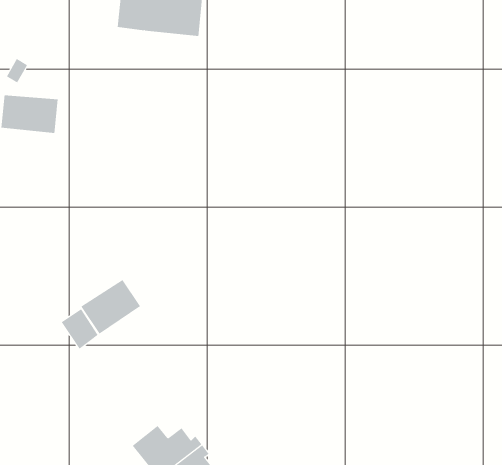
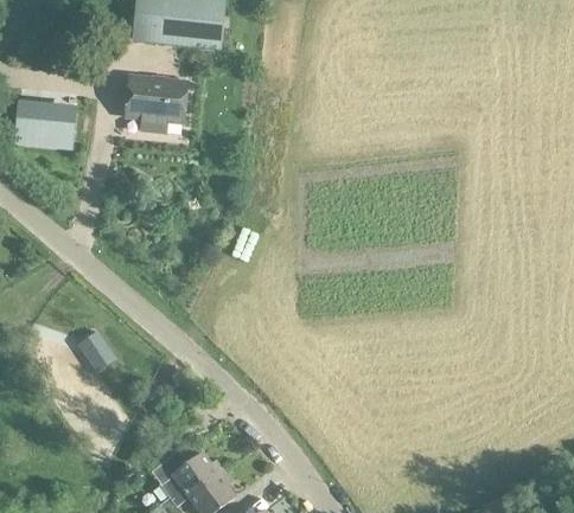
building: none -> [126,76,186,122]
building: [81,279,141,335] -> none

